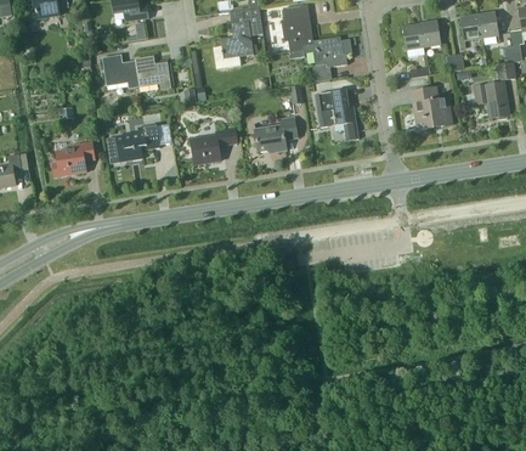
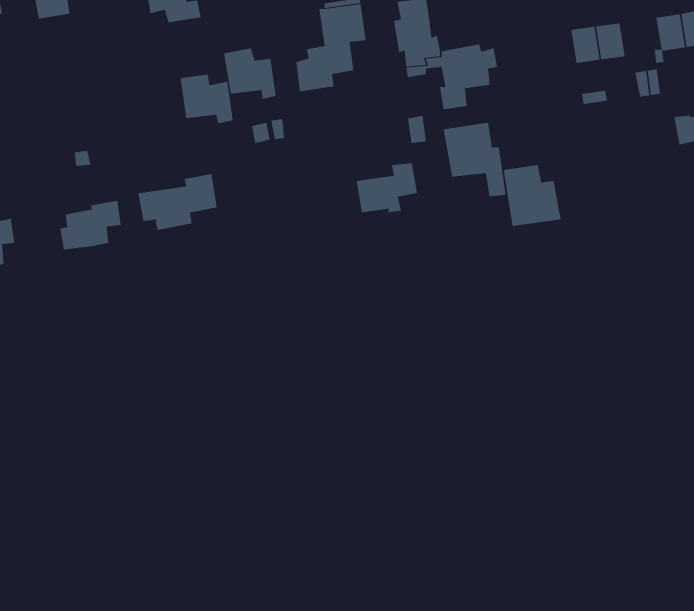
building: [102,53,138,89] -> [223,48,276,99]
building: [411,86,451,129] -> [503,164,561,227]
building: [191,128,238,164] -> none

